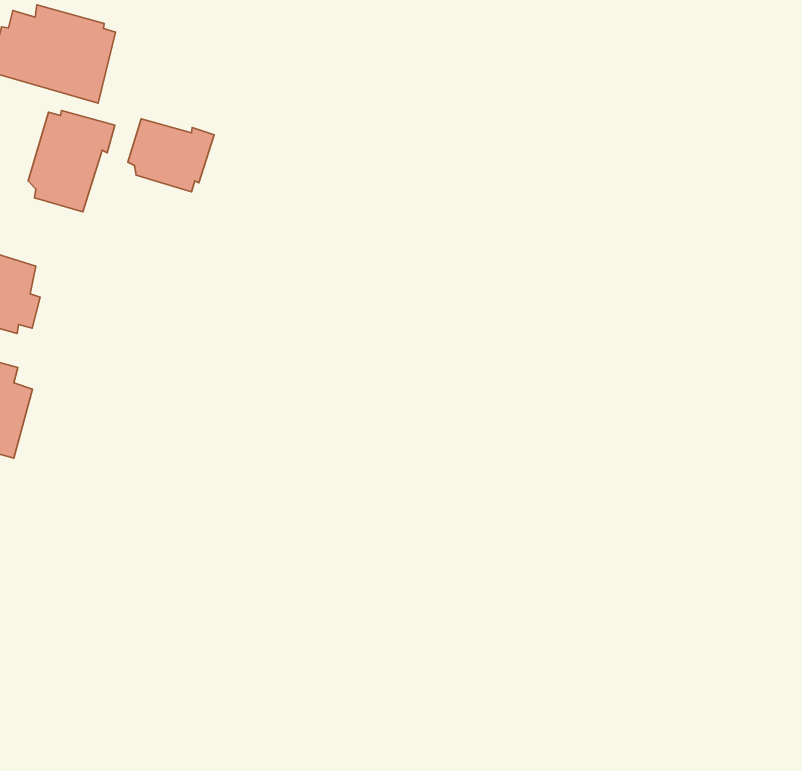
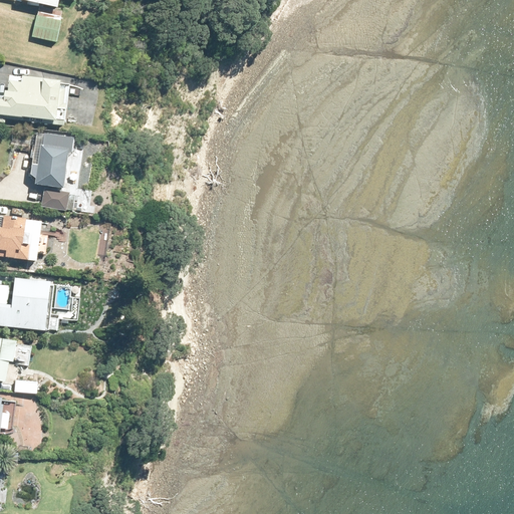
building: [128,119,214,192] -> none
building: none -> [40,187,68,209]

